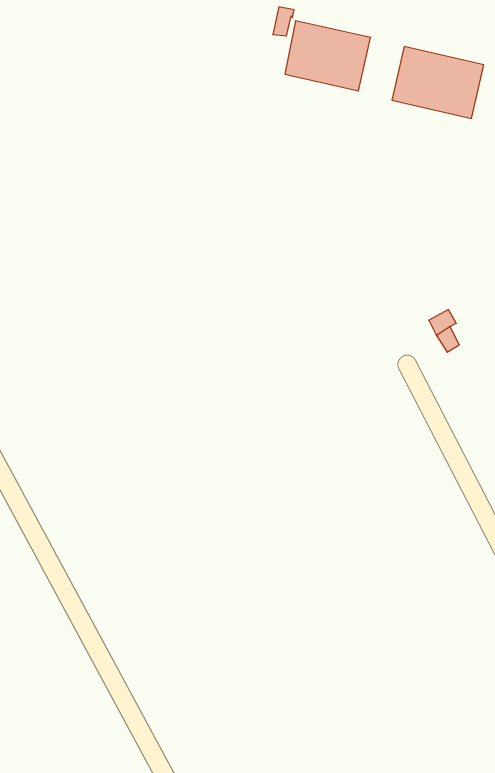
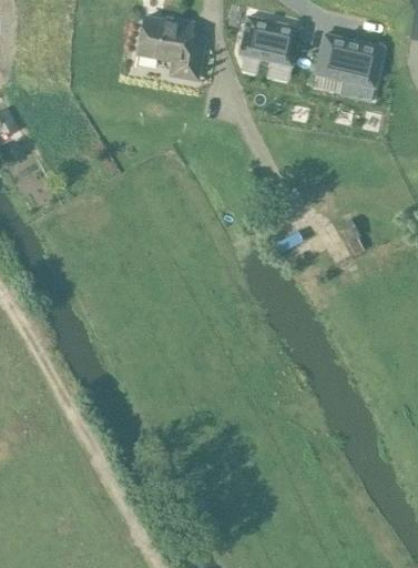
building: none -> [137,18,203,80]

